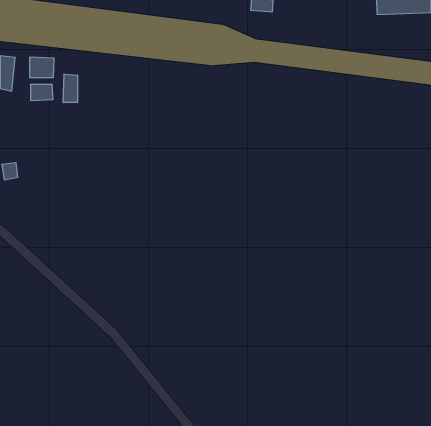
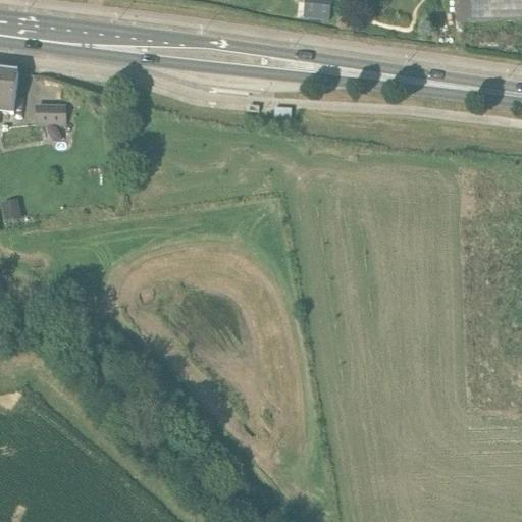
building: [30,57,54,78] -> none
building: [63,74,77,103] -> none

